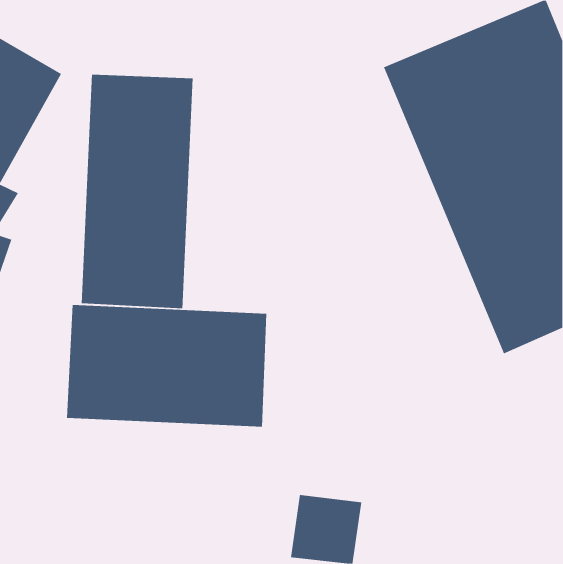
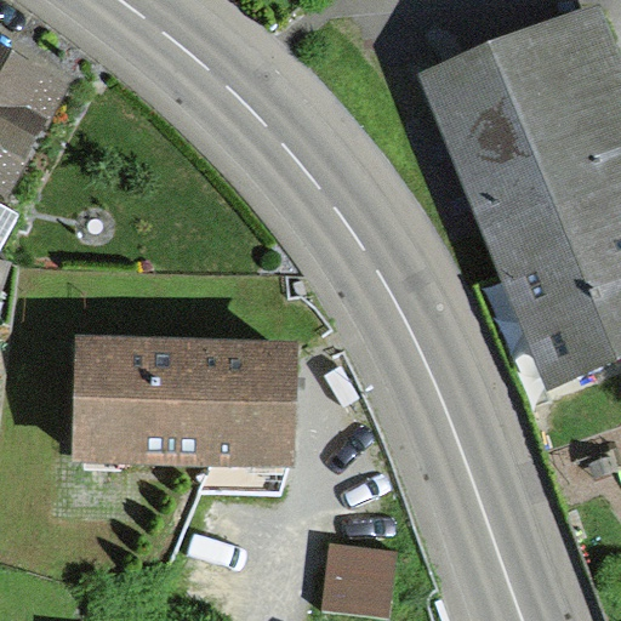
building: [81,74,193,309] -> none

